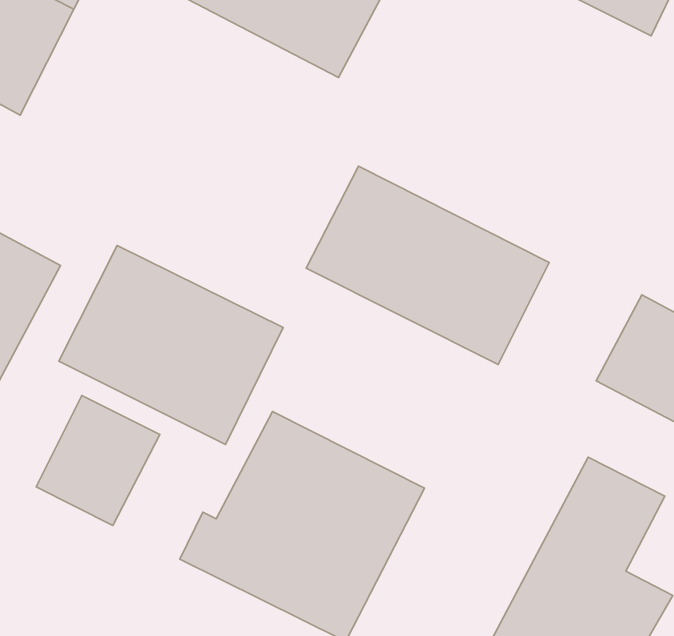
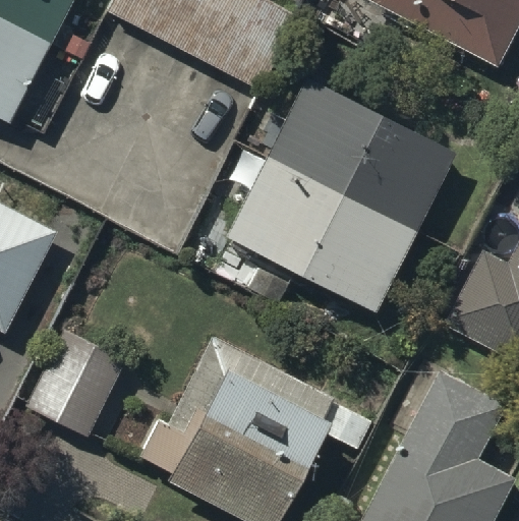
building: none -> [274,84,456,231]
building: [59,245,283,445] -> none

